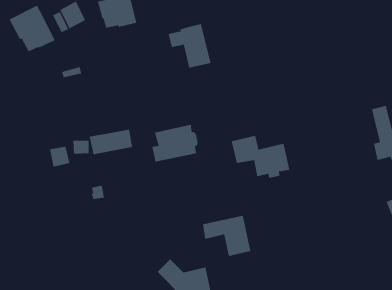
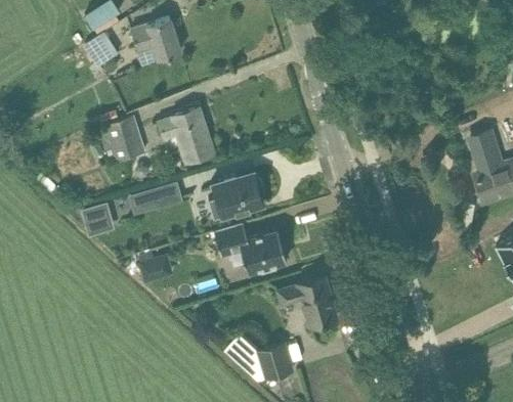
building: [9,5,56,52] -> none
building: [168,23,212,68] -> [158,107,213,163]
building: none -> [100,118,145,162]
building: [231,135,290,179] -> [213,223,287,274]

